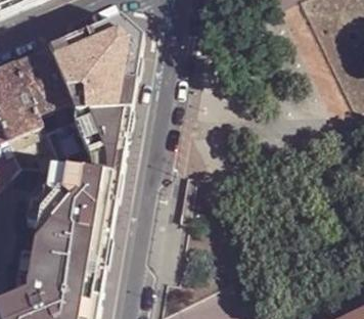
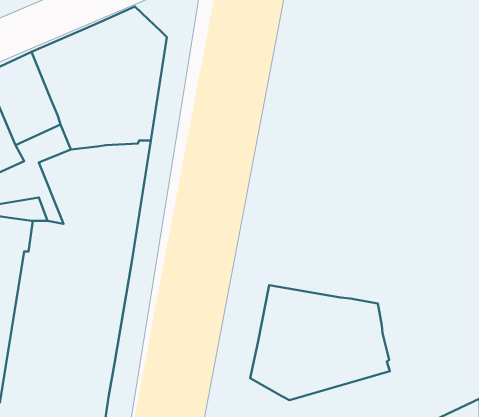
building: none -> [250,285,390,400]

